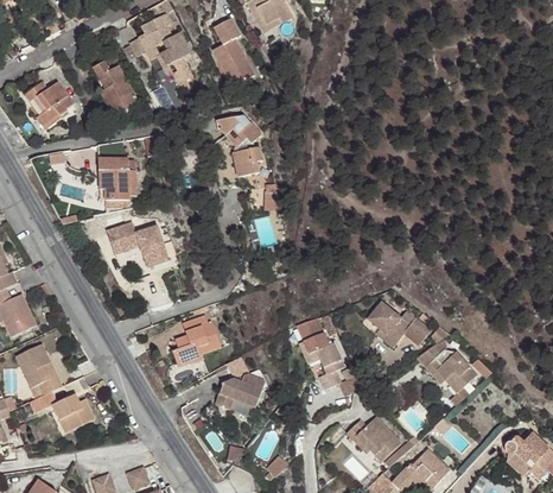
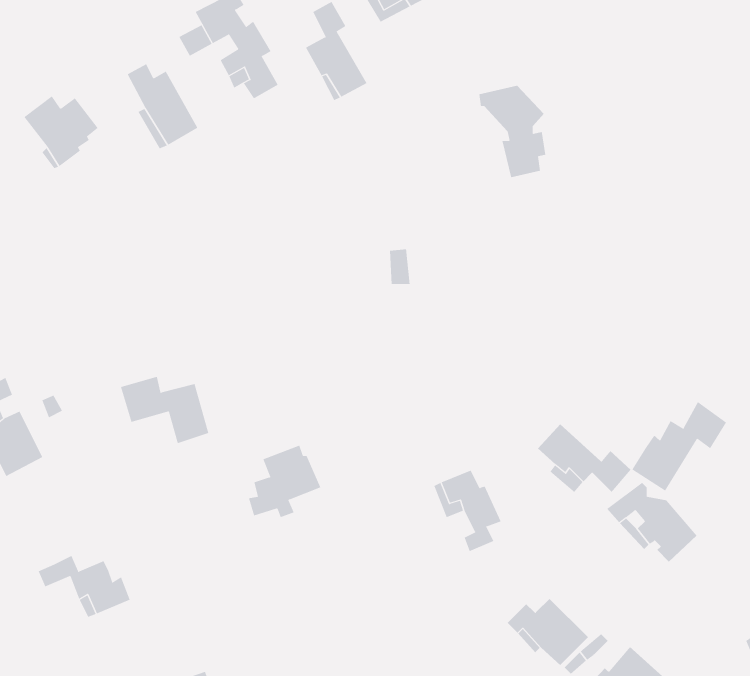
building: [215,115,260,177] -> [478,85,546,178]
building: [98,158,136,201] -> none
building: [106,217,165,263] -> [120,376,209,444]
building: none -> [632,401,727,492]
building: [17,341,63,394] -> none
building: [214,369,265,415] -> none

